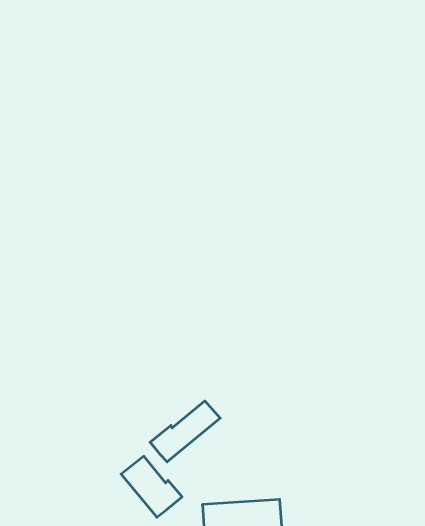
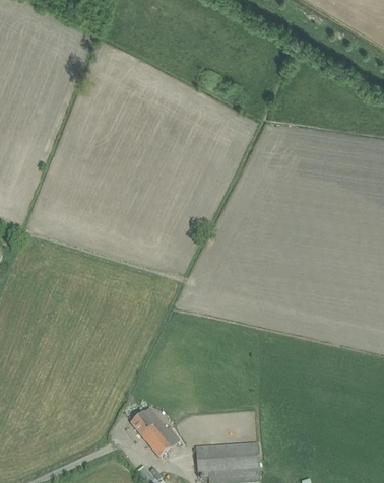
building: [150,401,220,462] -> none

